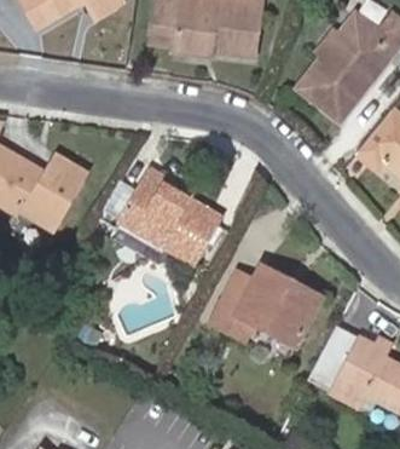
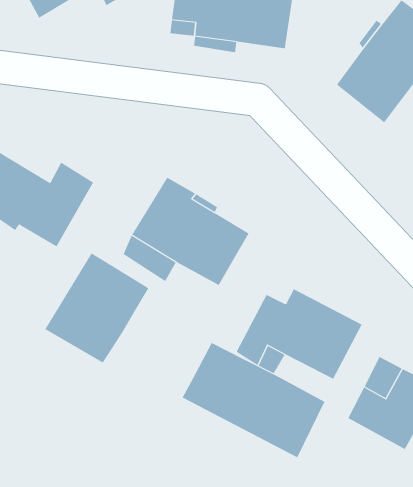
building: none -> [45,252,149,363]
building: none -> [182,342,325,458]

